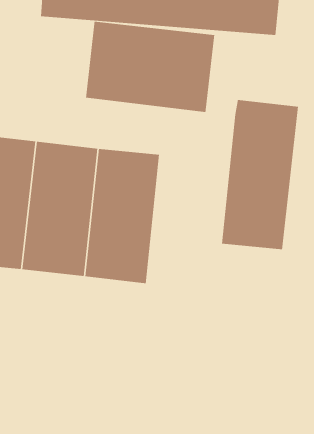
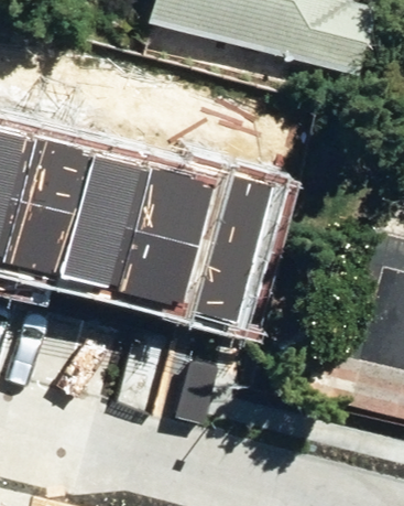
building: [86,21,215,113] -> none
building: [221,99,299,250] -> [196,169,291,322]

